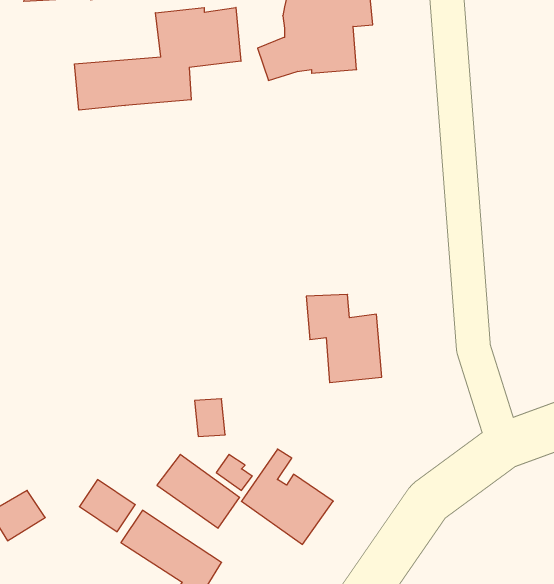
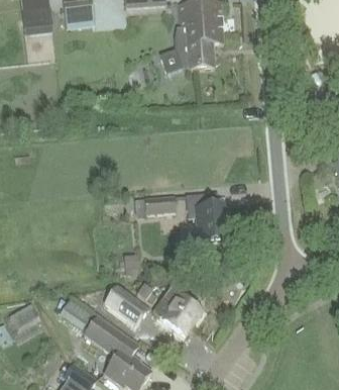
building: [75,7,241,110] -> none
building: none -> [134,195,177,215]

